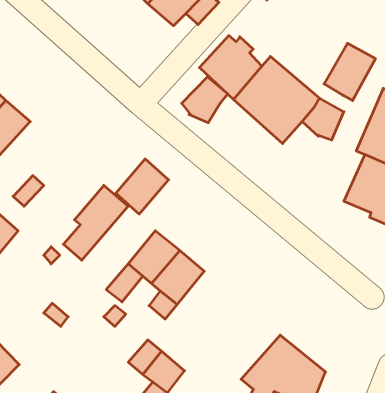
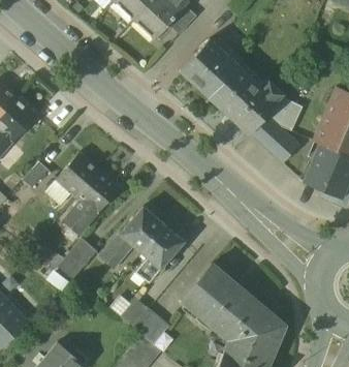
building: [324,43,375,101] -> none
building: [182,77,228,123] -> none
building: none -> [251,116,290,155]
building: [116,159,169,214] -> [56,152,100,198]
building: none -> [58,239,98,280]
building: none -> [180,265,249,333]

